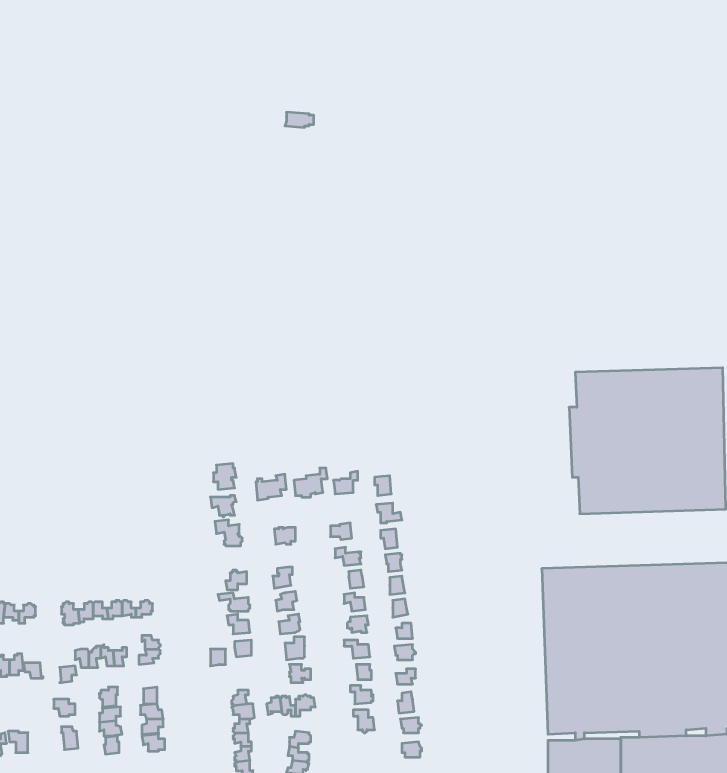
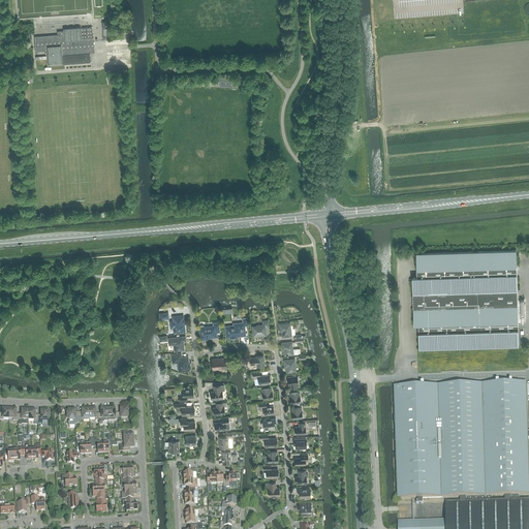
building: none -> [34,28,94,65]

